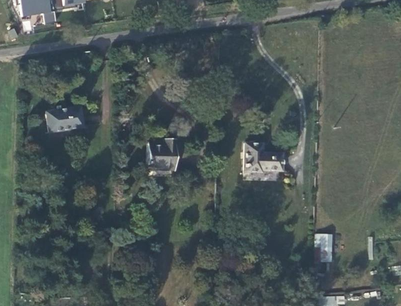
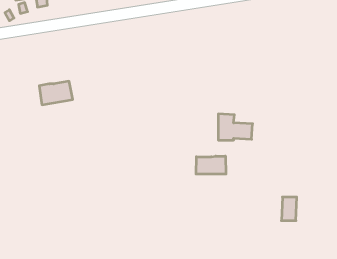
building: [147,138,176,170] -> none
building: none -> [196,156,226,174]

